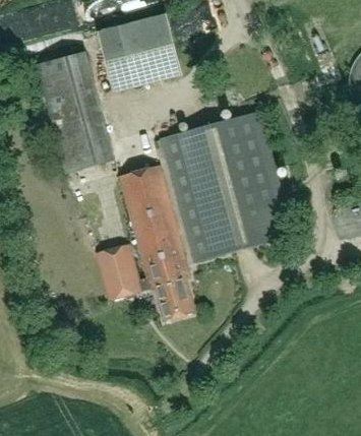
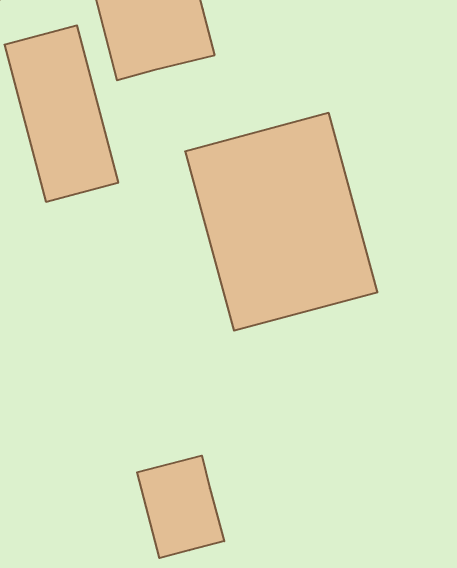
building: [96,165,193,319] -> none
building: none -> [137,456,224,558]

